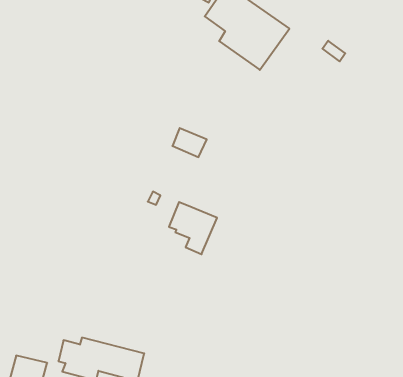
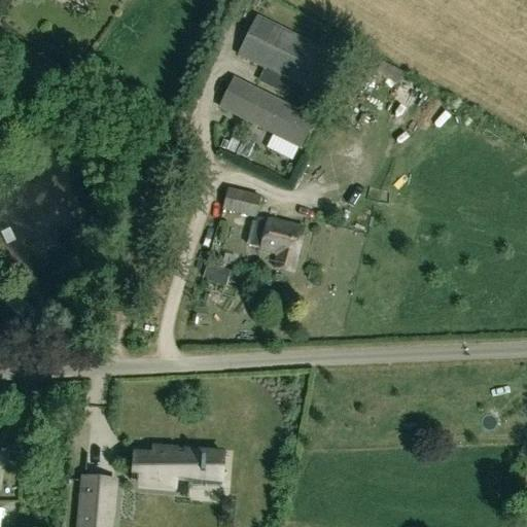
building: none -> [219,76,313,145]
building: [169,202,217,254] -> [250,214,304,270]

